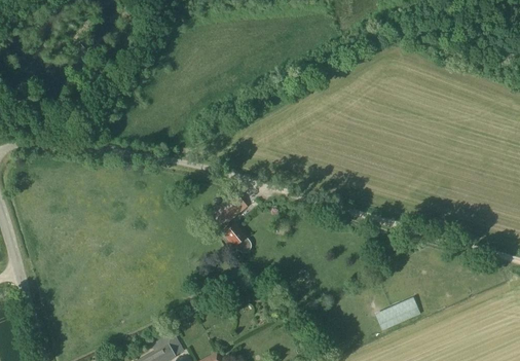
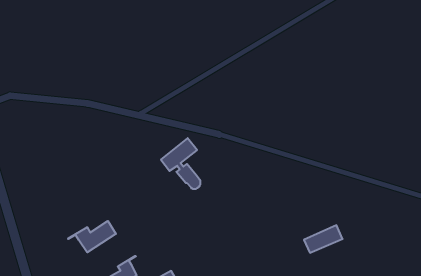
building: none -> [68,221,116,252]

